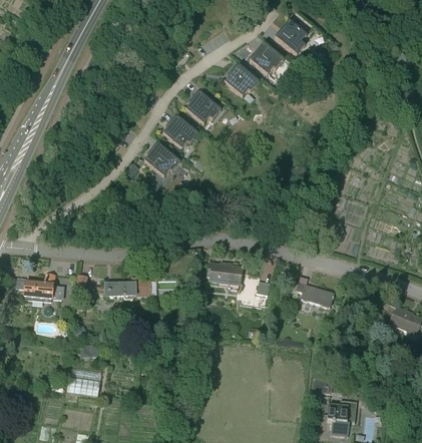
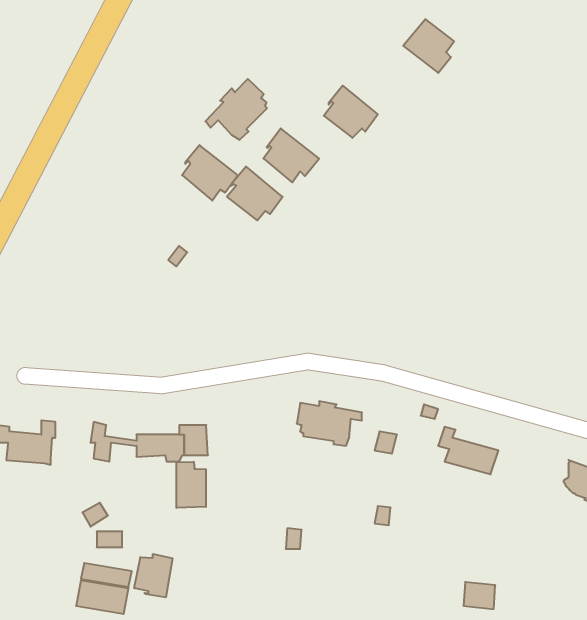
building: [250,42,284,73] -> none
building: none -> [205,79,267,140]
building: [145,141,180,176] -> [182,145,238,201]
building: none -> [176,462,206,508]
building: none -> [134,554,172,597]

